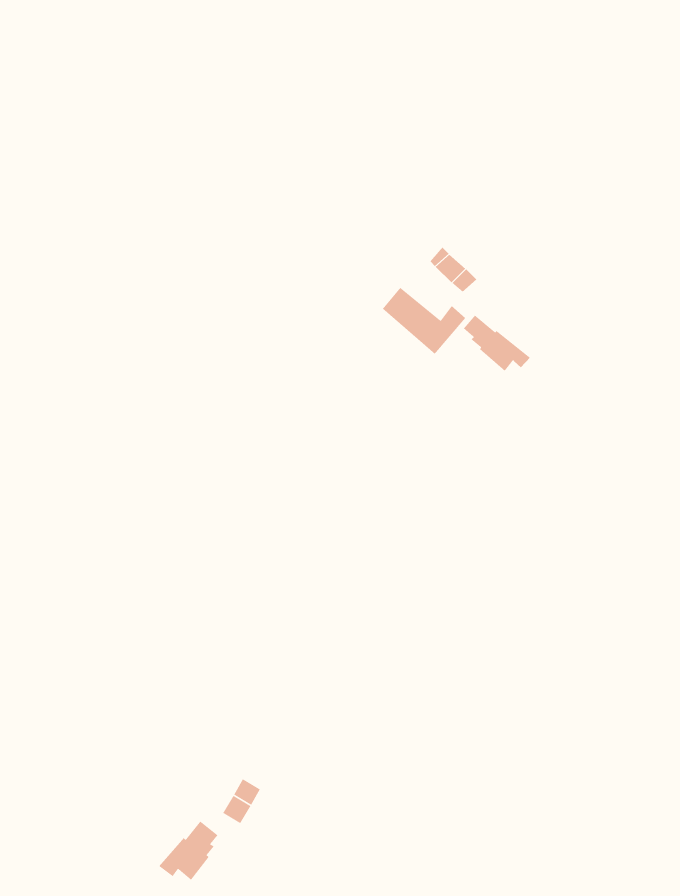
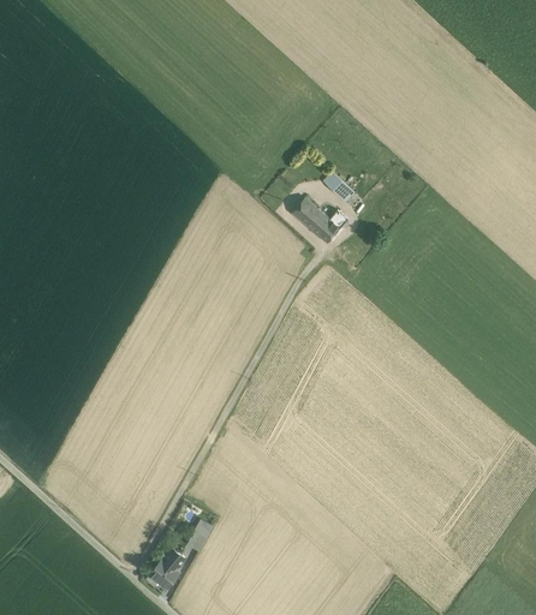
building: [463,314,531,372] -> none

